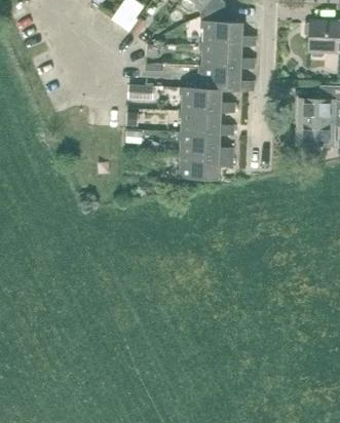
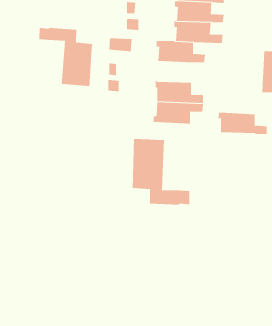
building: none -> [39,27,92,87]
building: [179,109,234,134] -> [217,111,268,134]
building: none -> [132,138,190,205]

